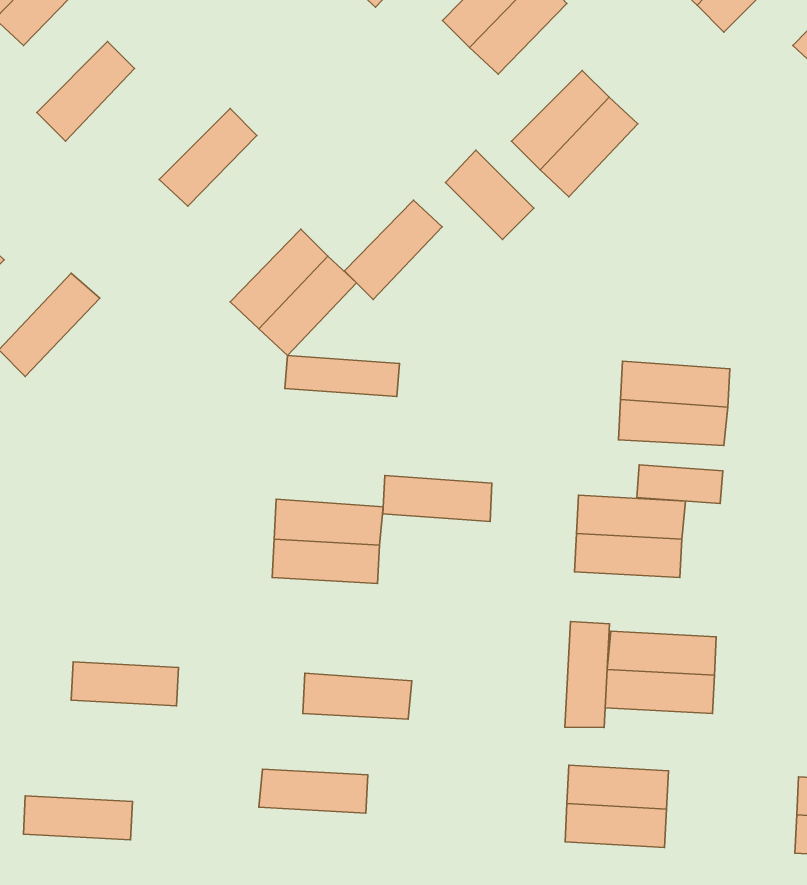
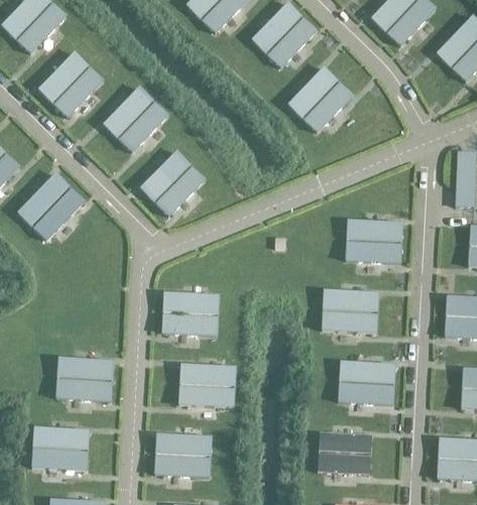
building: none -> [52,65,104,117]
building: [445,150,534,239] -> none
building: [344,200,442,300] -> [117,100,168,152]
building: none -> [31,185,85,240]
building: [285,356,399,397] -> none
building: [637,465,723,504] -> none
building: [383,475,492,521] -> [178,363,236,387]
building: [565,622,610,728] -> none
building: none -> [56,357,113,380]
building: none -> [31,426,89,451]
building: none -> [153,454,211,477]

